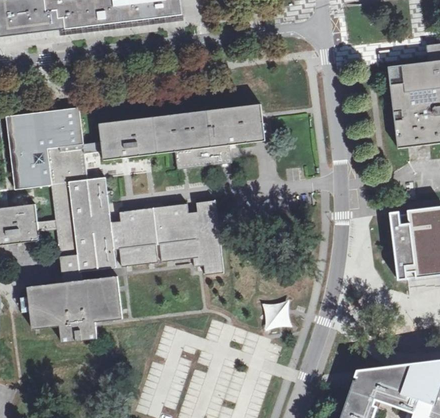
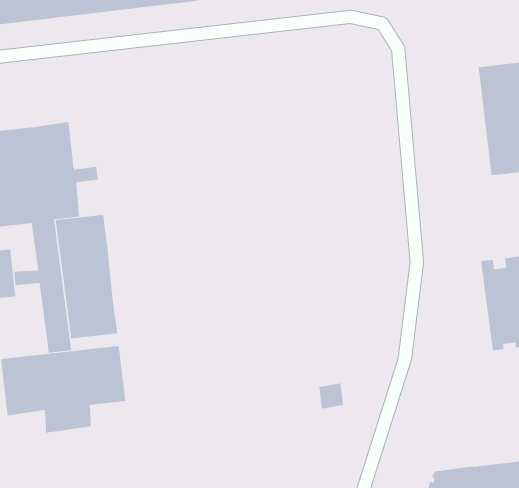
building: [99,103,265,169] -> none
building: [111,200,223,275] -> none

